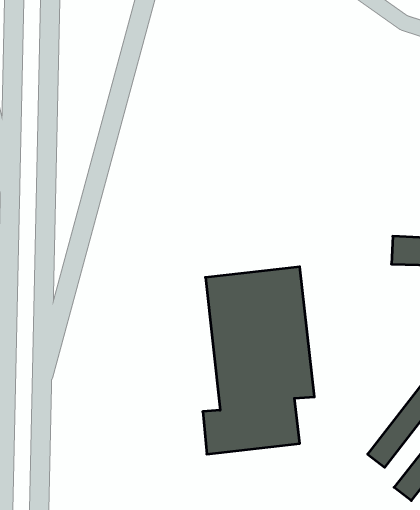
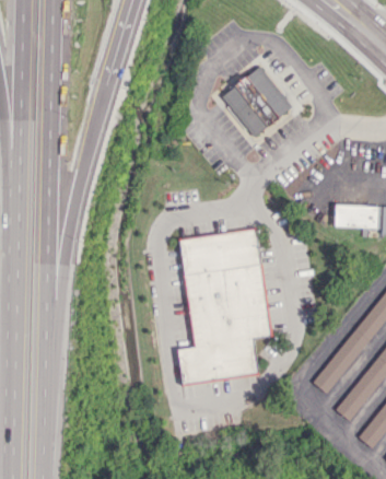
building: none -> [222,66,293,137]

